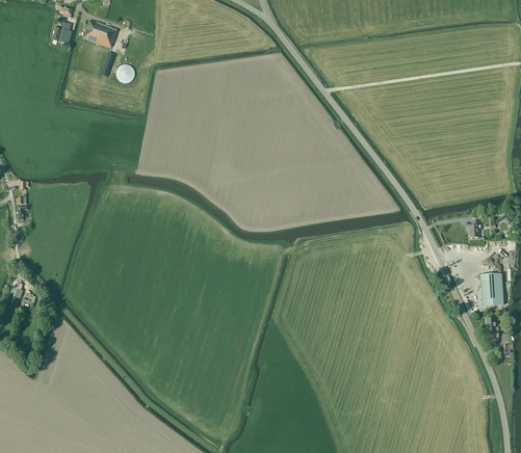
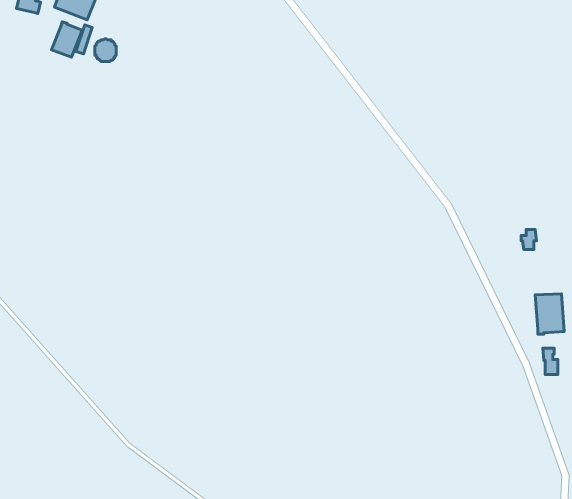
building: none -> [52,22,82,57]

